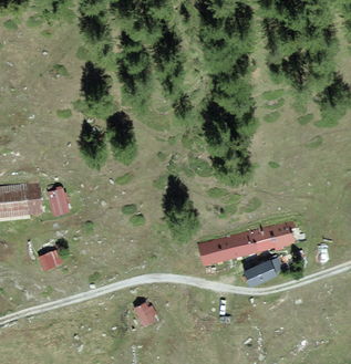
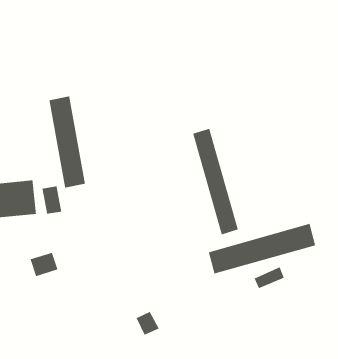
building: none -> [48,96,86,188]
building: none -> [192,128,239,235]

